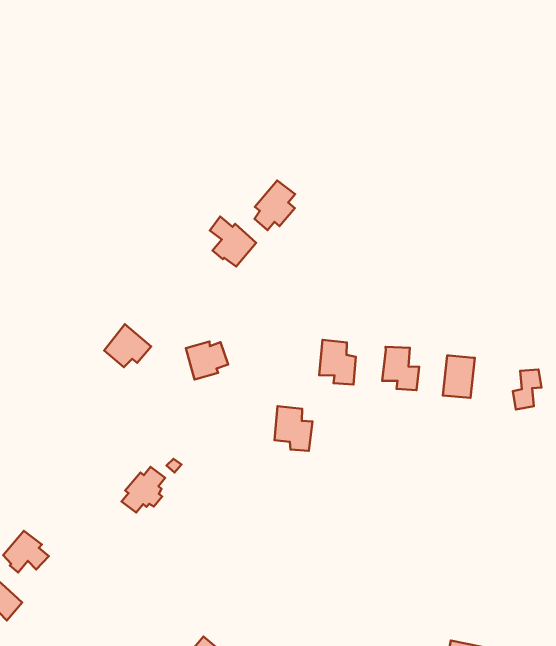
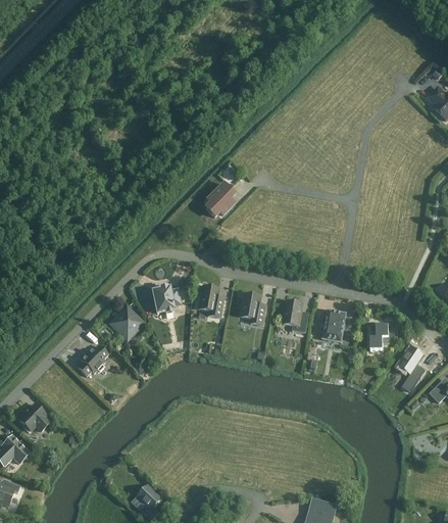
building: [210,216,256,267] -> none
building: [104,324,151,367] -> [110,306,142,335]
building: [274,406,312,451] -> [197,285,223,317]
building: [121,467,165,512] -> [77,345,107,375]

